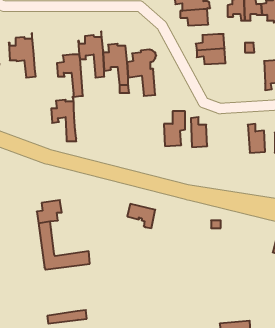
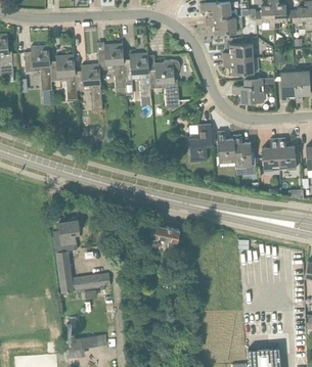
building: none -> [280,72,296,101]
building: none -> [232,78,275,102]
building: [51,97,76,141] -> [50,52,77,99]
building: none -> [233,135,252,167]
building: none -> [262,139,279,170]

